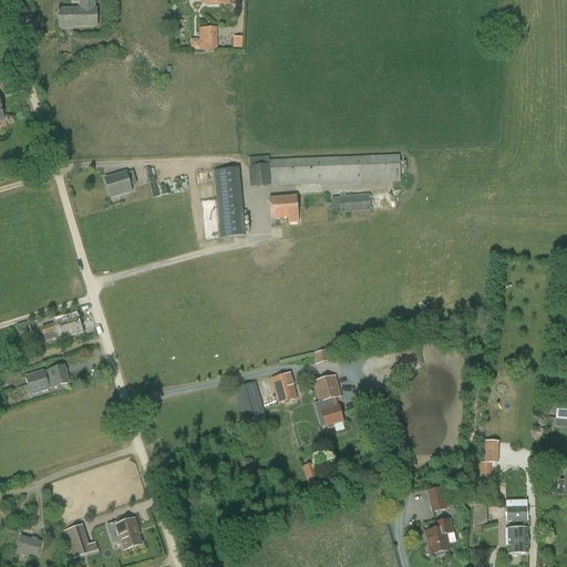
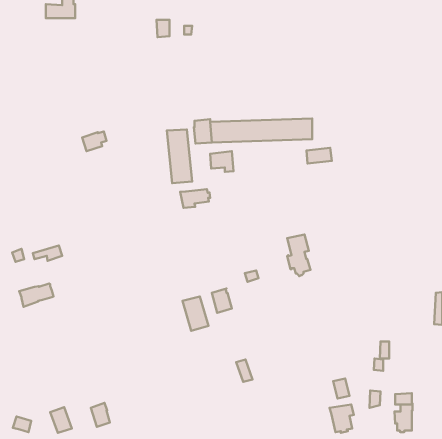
building: [339,192,371,212] -> [307,148,332,163]
building: none -> [180,189,210,208]
building: [313,373,343,426] -> [287,235,311,276]

